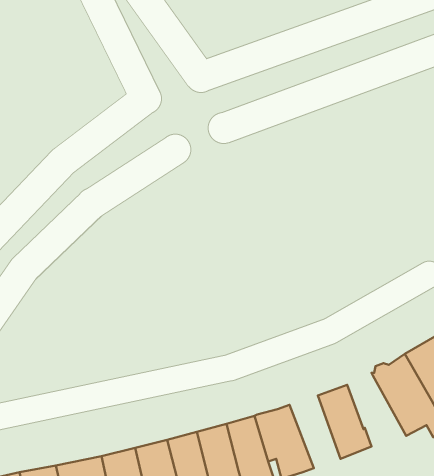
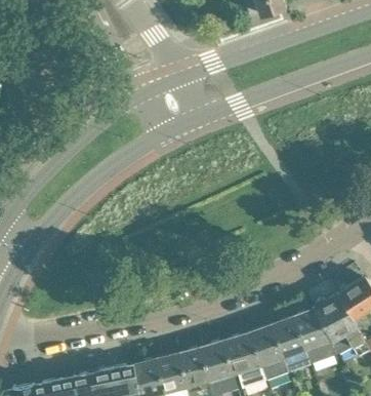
building: none -> [292,309,337,363]
building: none -> [248,324,287,380]

